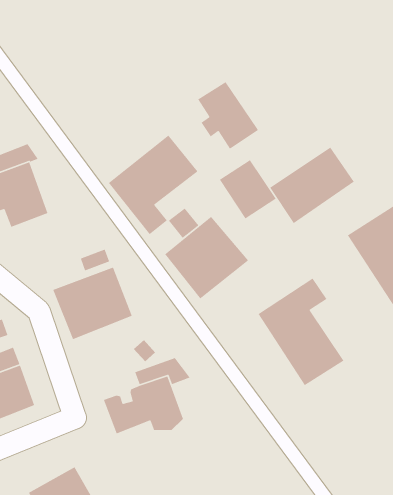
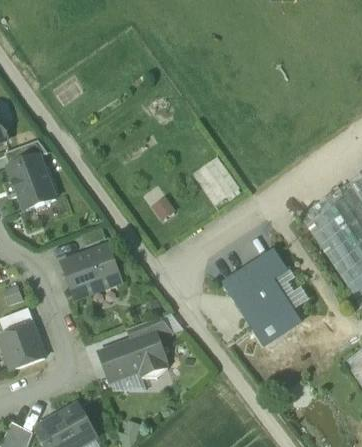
building: [197,81,258,150] -> none
building: [108,134,198,235] -> none
building: [269,146,355,224] -> none
building: [164,216,249,299] -> none

